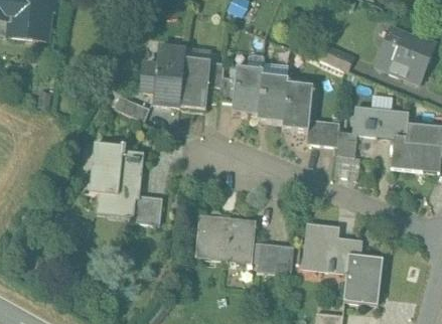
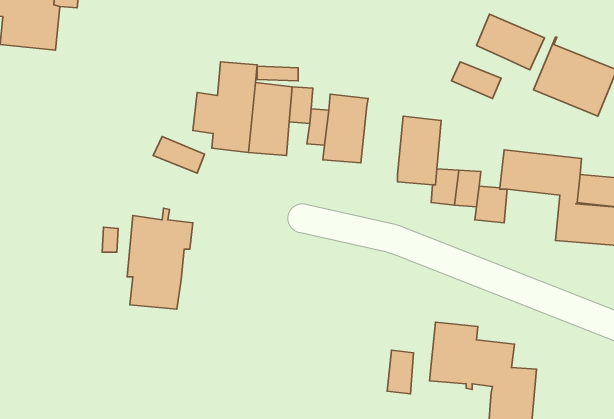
building: none -> [476,14,545,70]
building: [257,76,287,124] -> none
building: [129,196,162,225] -> none
building: [195,215,256,263] -> none
building: [257,242,278,273] -> none

